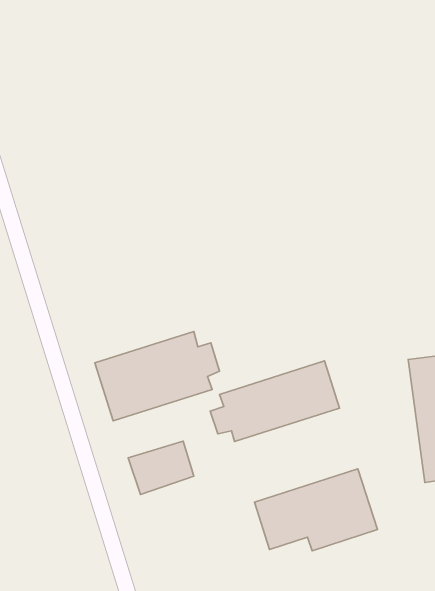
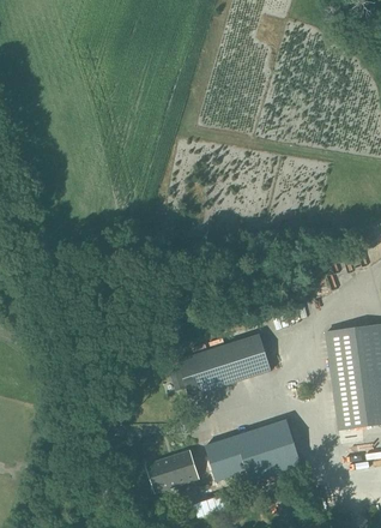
building: [95,331,220,421] -> none
building: [128,441,194,494] -> [146,450,198,492]

